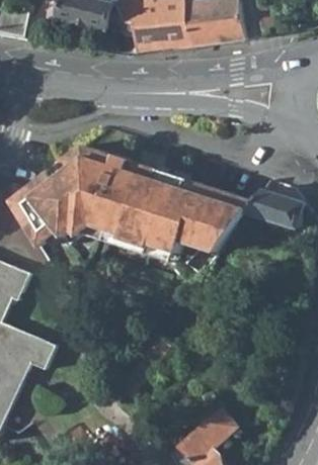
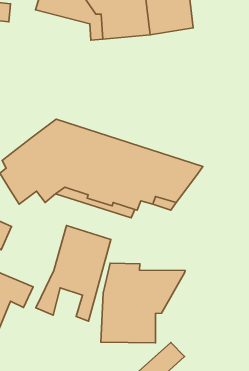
building: [247,190,303,228] -> none
building: none -> [36,225,111,321]
building: none -> [101,263,185,343]

